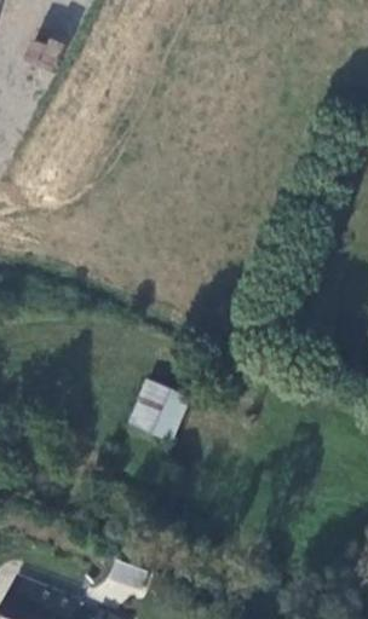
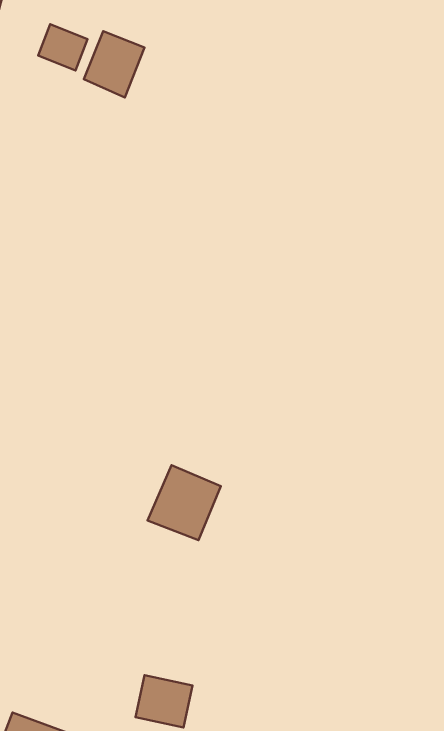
building: none -> [84,31,144,98]

